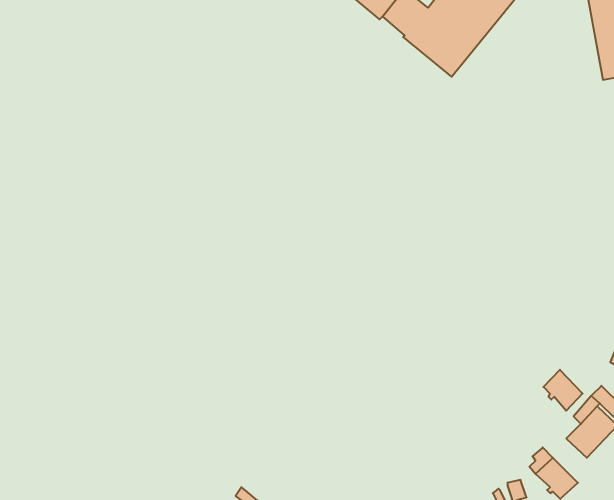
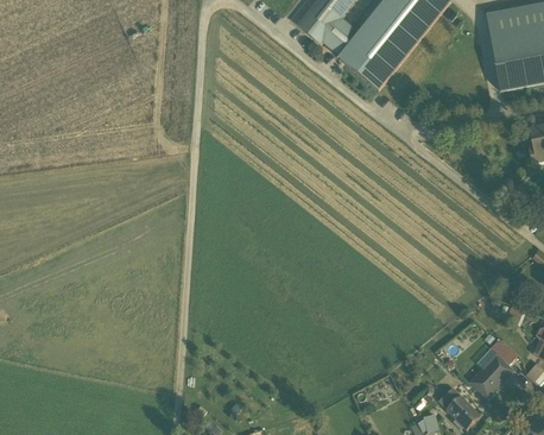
building: [543,370,583,411] -> none

